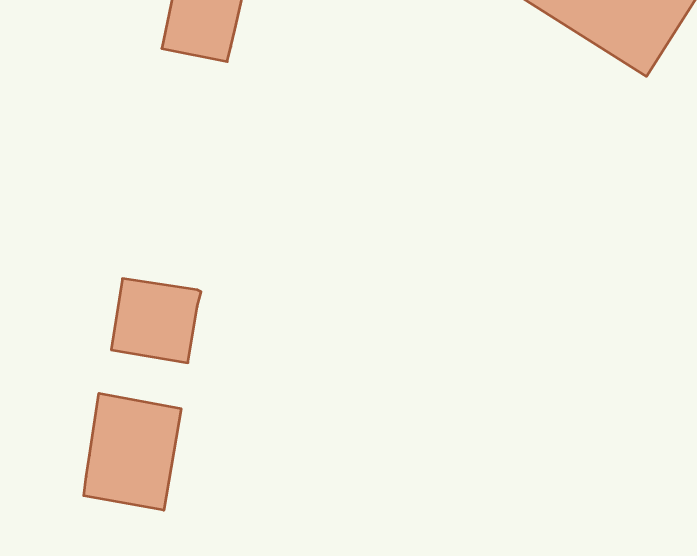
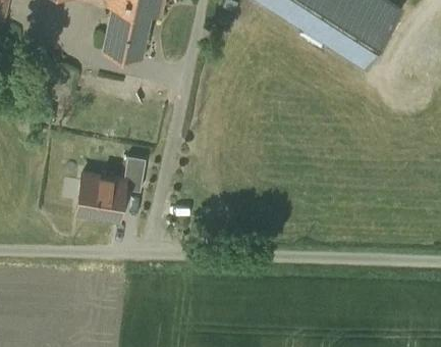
building: none -> [123,155,146,191]
building: [84,393,181,510] -> none

